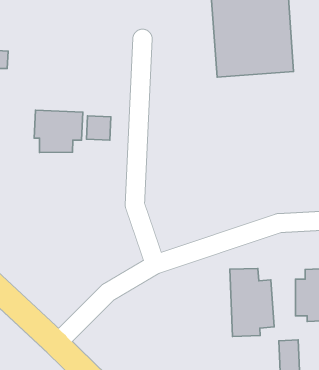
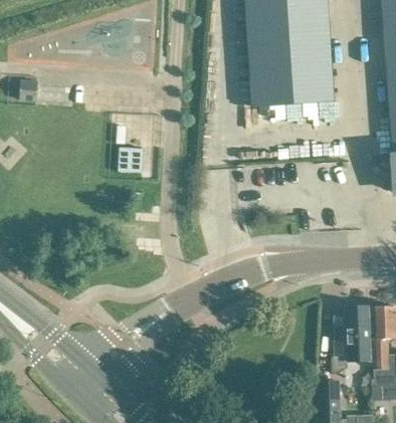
building: [34,110,83,153] -> none
building: [230,268,274,336] -> none

